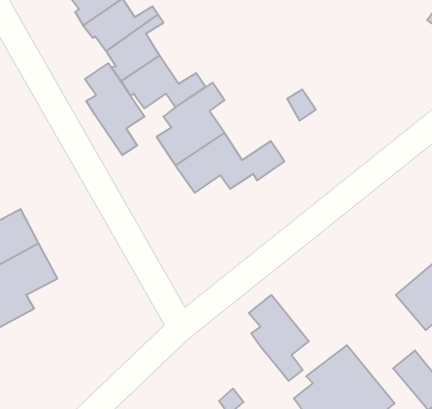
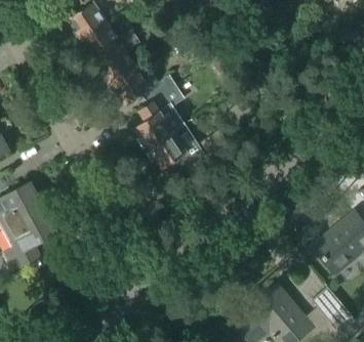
building: [85,63,145,155] -> none
building: [249,295,309,381] -> none

